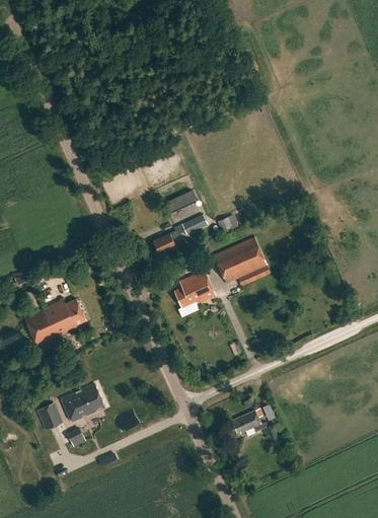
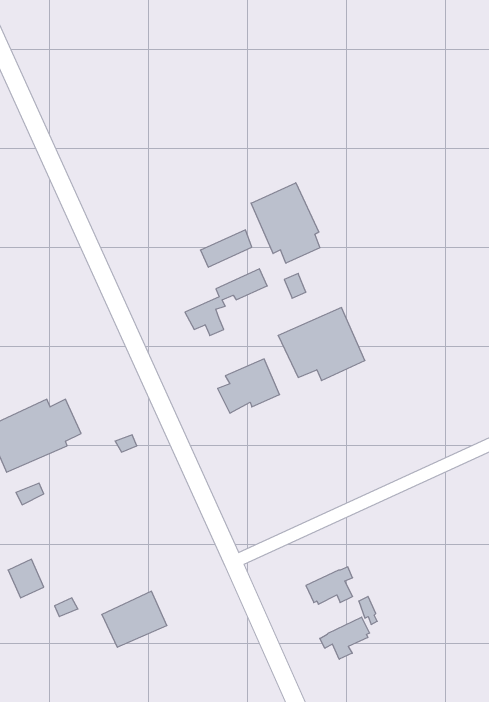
building: none -> [251,183,320,263]
building: [62,386,104,423] -> [102,591,167,647]
building: none -> [320,617,370,659]

